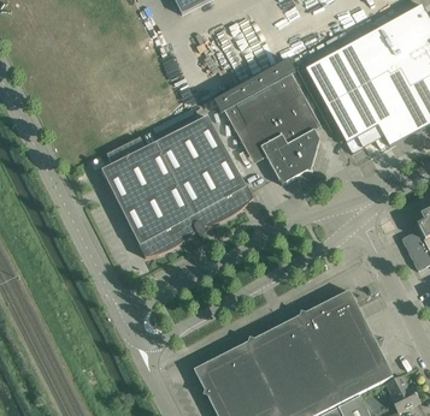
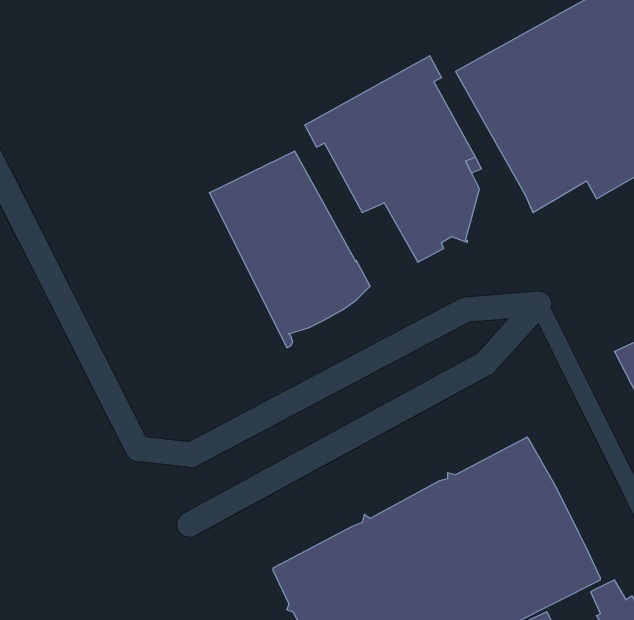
building: [101,135,202,256] -> none

